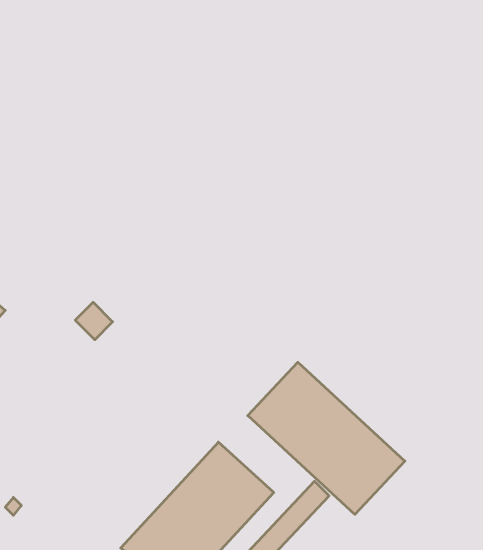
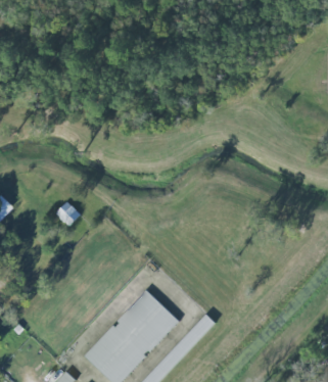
building: [248,362,405,514] -> none

